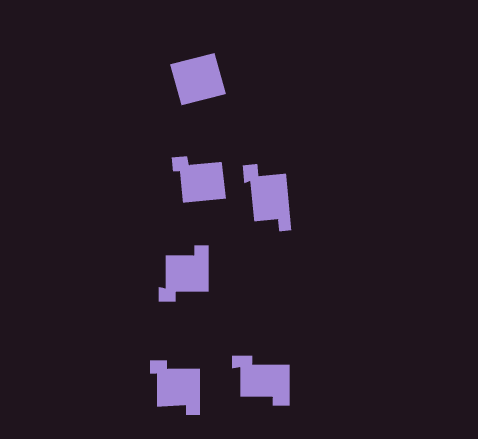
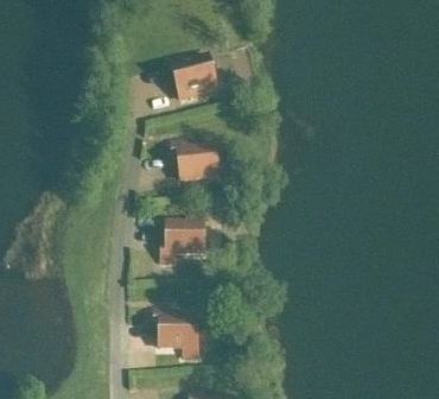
building: [242,163,292,232] -> none
building: [232,355,290,407] -> none

